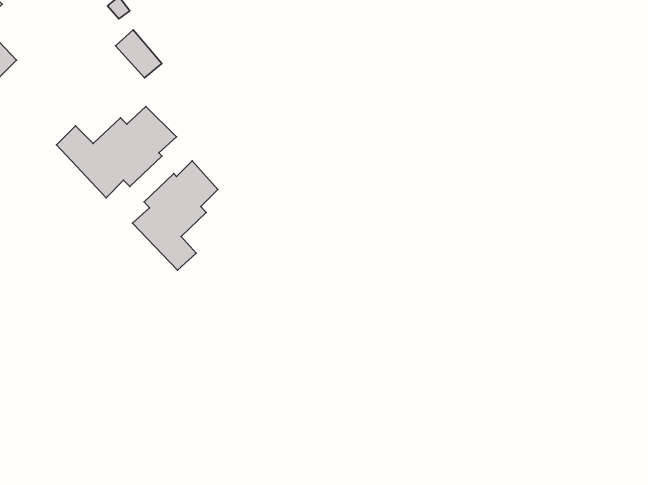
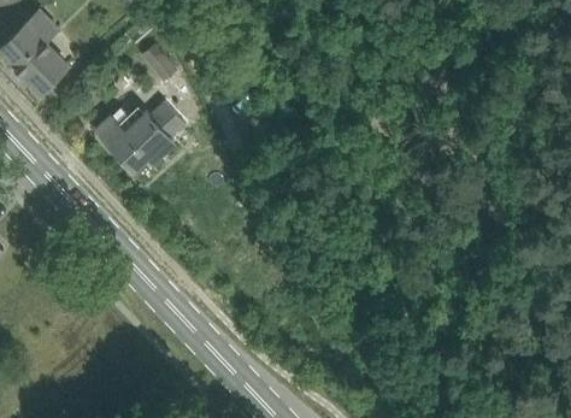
building: [132,161,218,270] -> none

